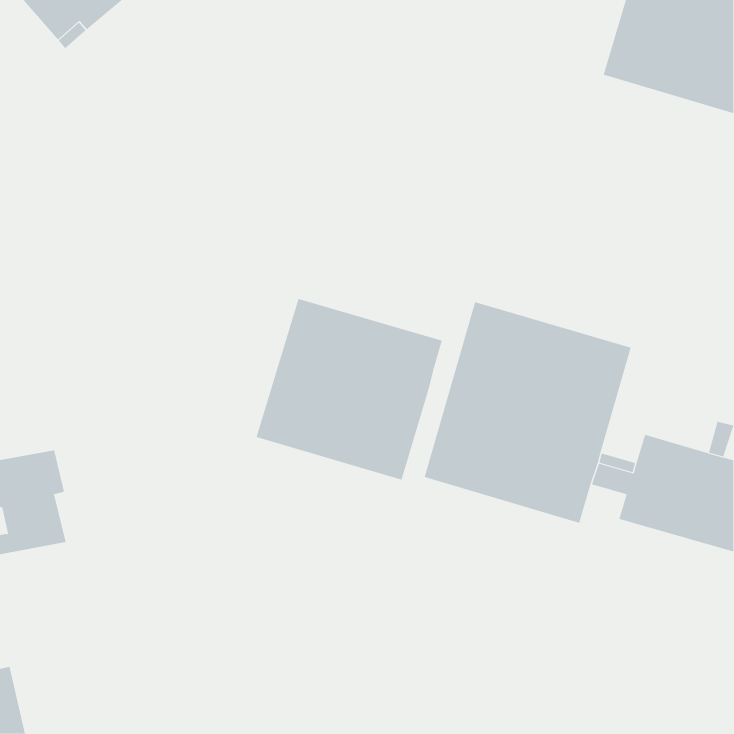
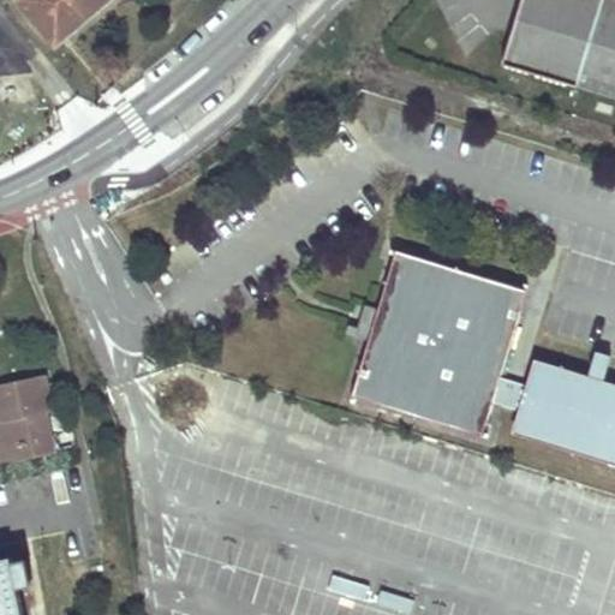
building: [256,298,443,480] -> none

